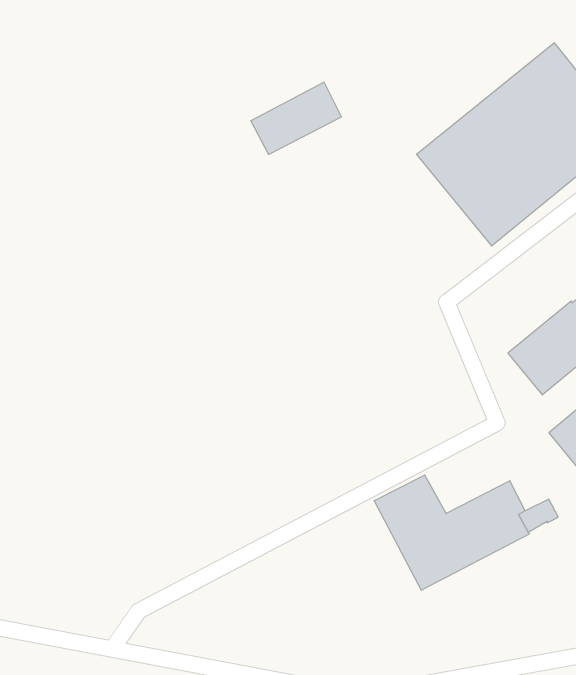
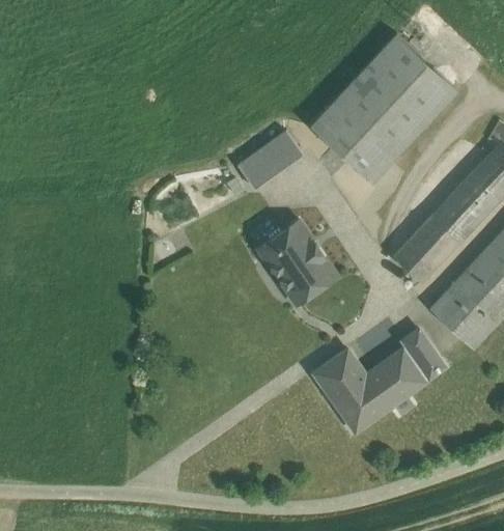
building: [251,82,341,154] -> [237,132,301,188]
building: none -> [257,220,337,304]
building: none -> [402,329,436,365]

